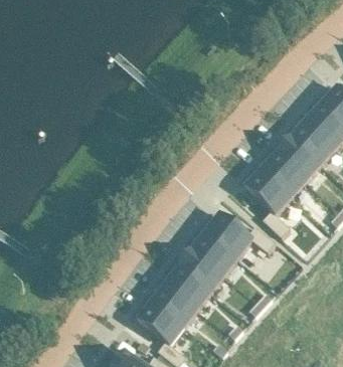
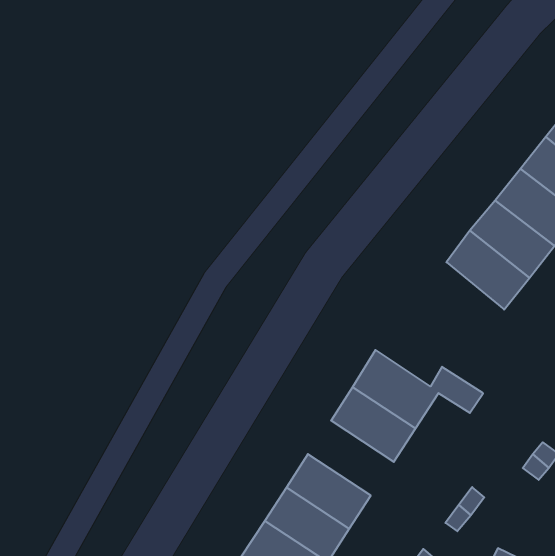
building: [245,167,291,235] -> none
building: [178,247,224,290] -> none

